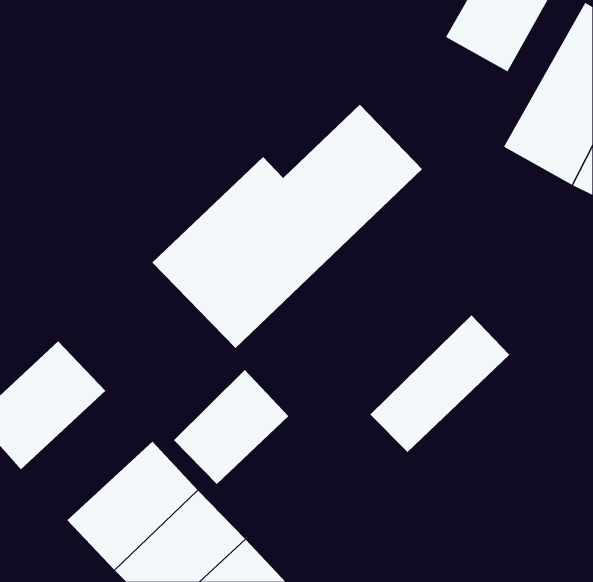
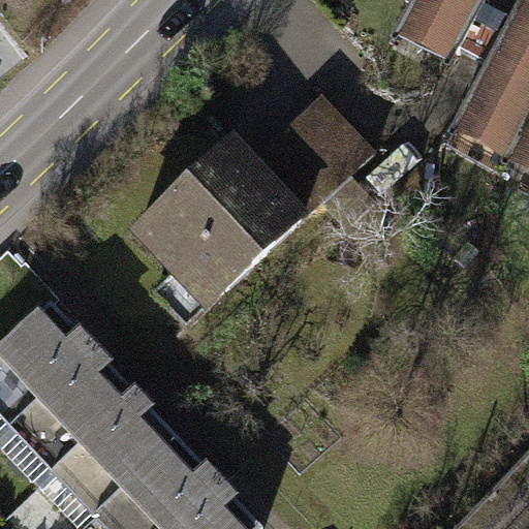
building: [370,315,510,453] -> none
building: [173,369,289,485] -> none
building: none -> [19,346,135,461]

